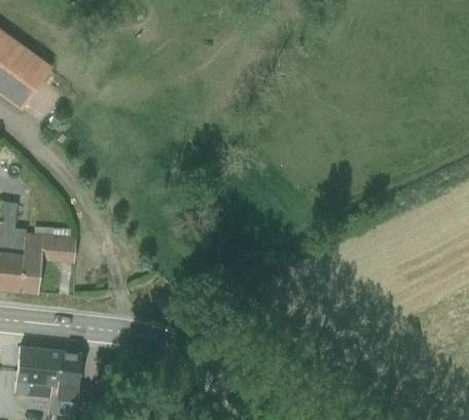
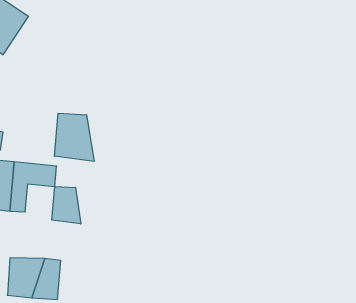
building: none -> [54,113,94,161]
building: none -> [52,186,81,224]

